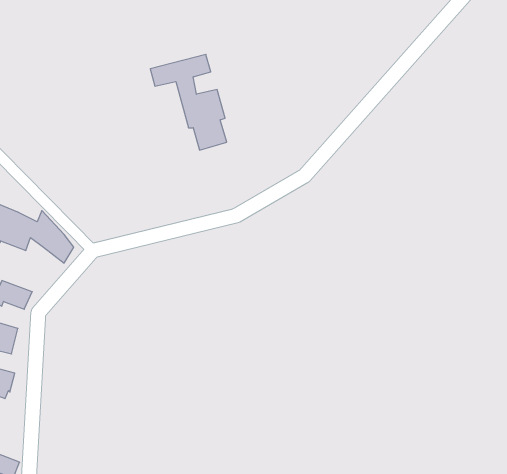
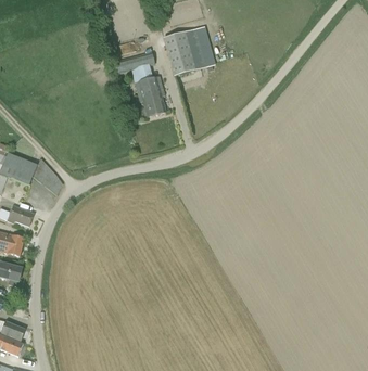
building: none -> [164,29,206,77]

